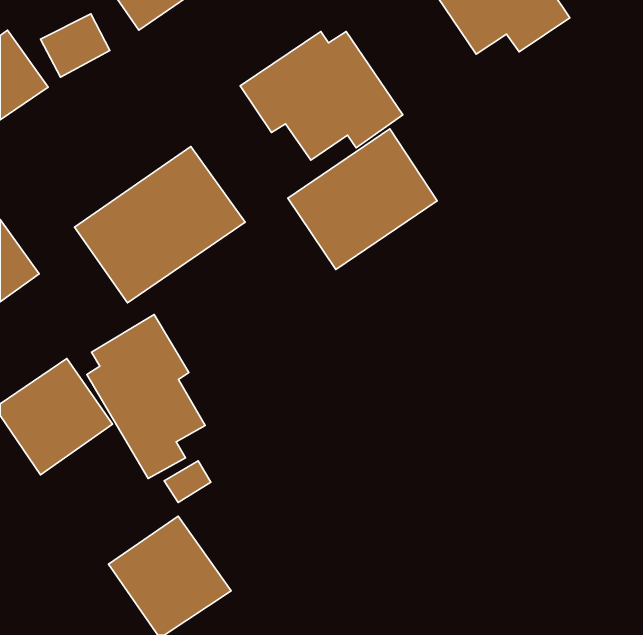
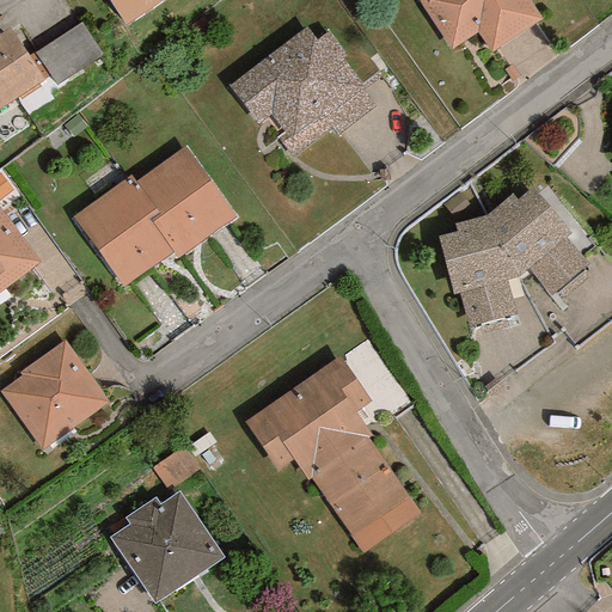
building: [288,129,437,269] -> none
building: none -> [439,186,585,325]
building: [87,315,205,479] -> none
building: none -> [245,359,421,552]

